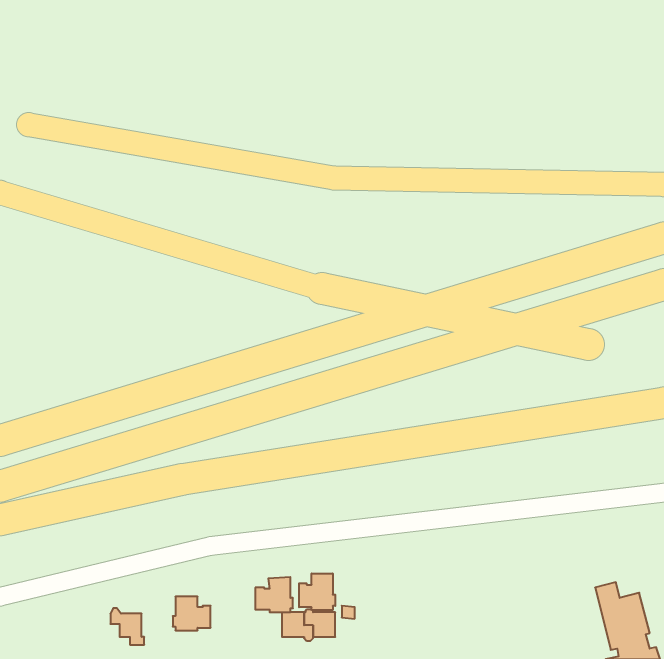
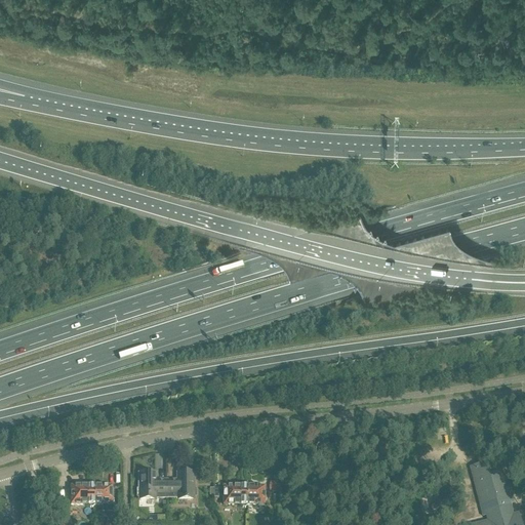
building: [299,573,335,610] -> none
building: [255,577,293,612] -> [166,470,196,497]
building: none -> [71,484,94,504]

